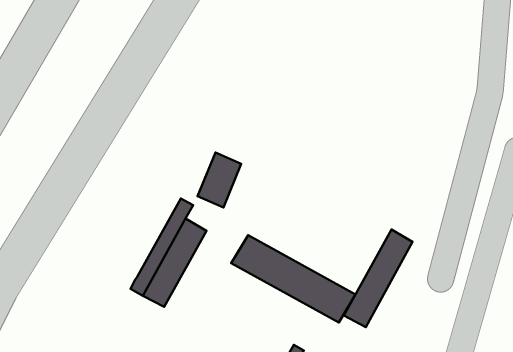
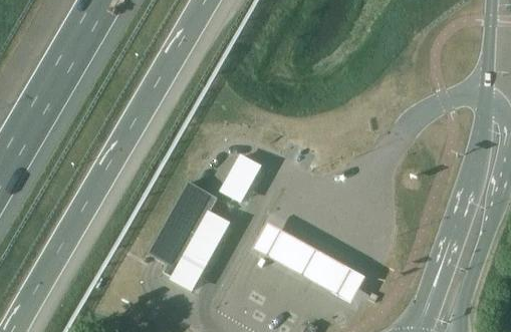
building: none -> [150,181,208,262]
building: [344,230,412,327] -> none

